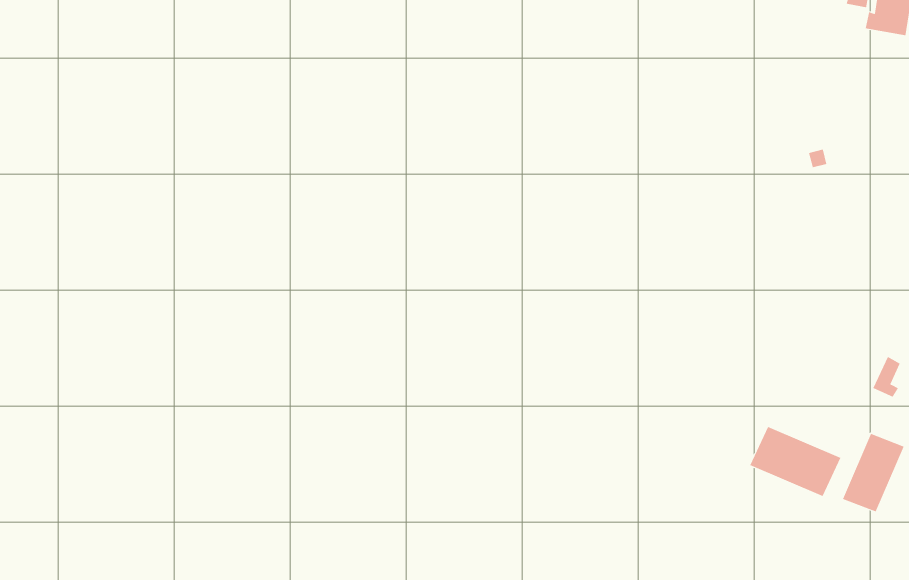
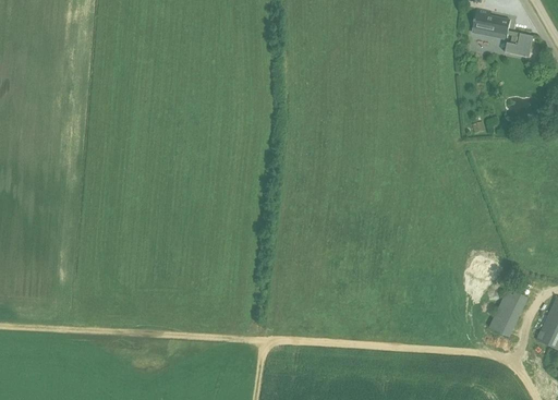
building: [749,426,841,497] -> none

